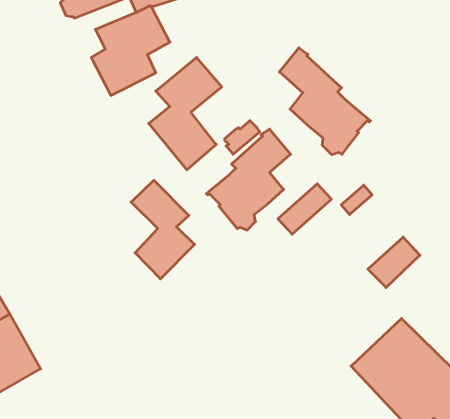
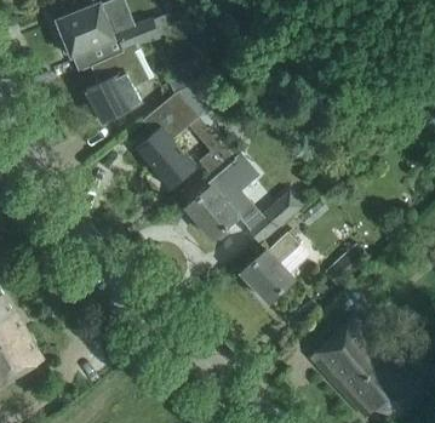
building: [279,48,371,155] -> none
building: [131,180,195,279] -> none
building: none -> [241,231,299,302]

